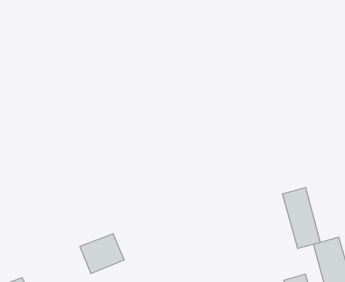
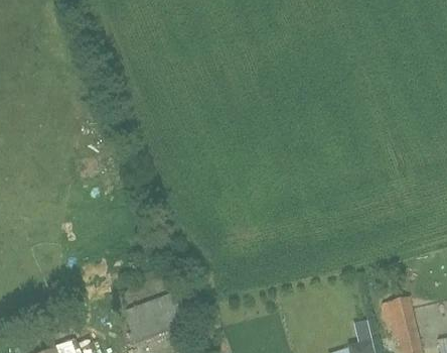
building: [283,187,320,249] -> none

